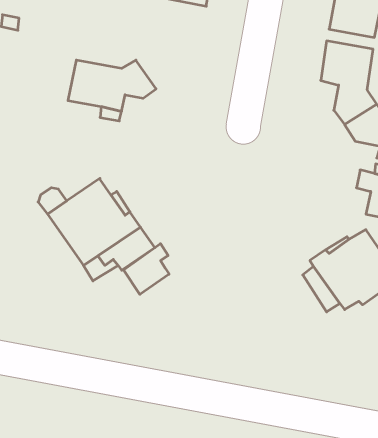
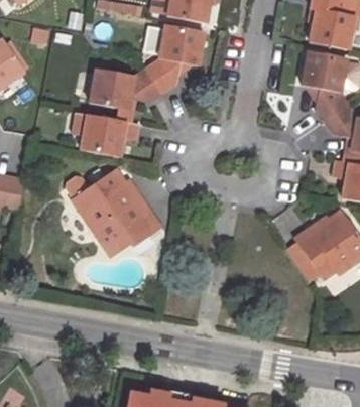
building: none -> [147,23,205,92]
building: none -> [73,113,138,157]
building: [124,244,169,294] -> none

